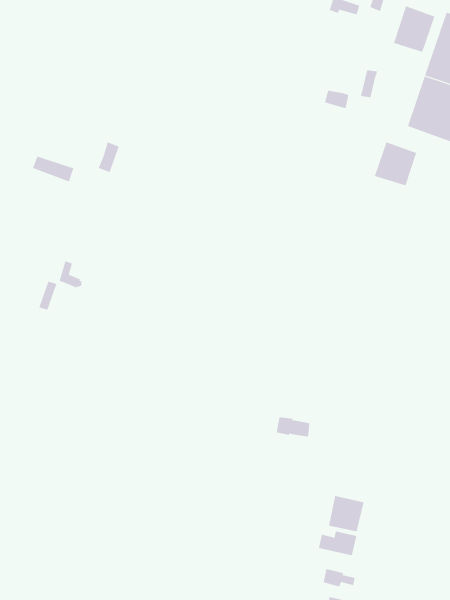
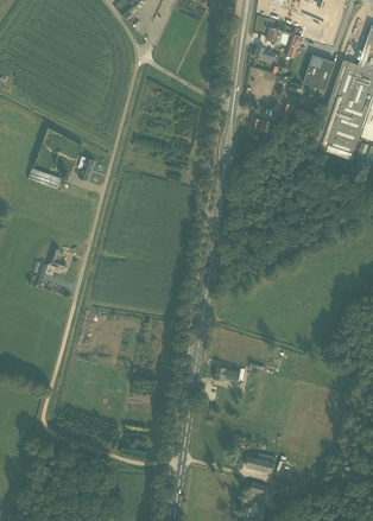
building: [374,141,417,186] -> none
building: [328,495,364,532] -> none

